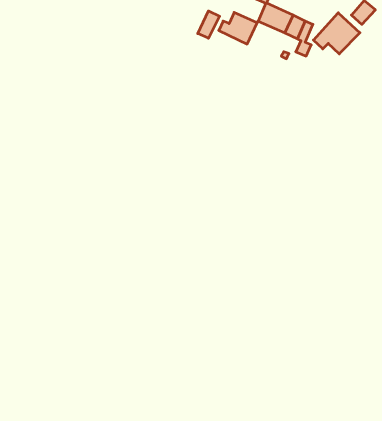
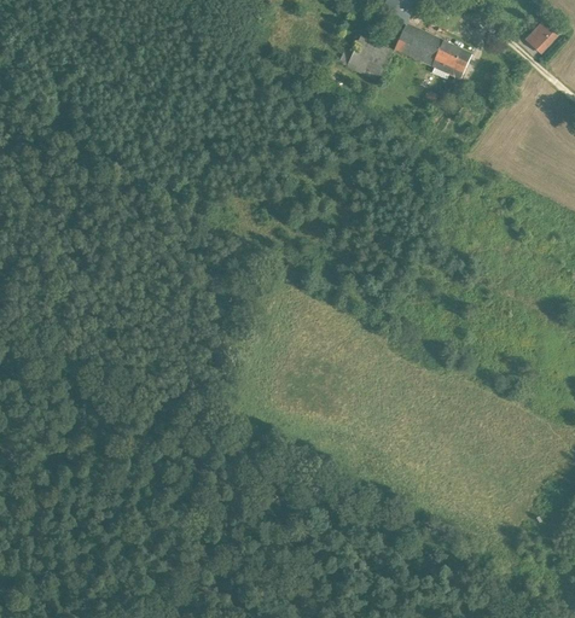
building: [198,11,220,38] -> none
building: [313,13,360,54] -> none

